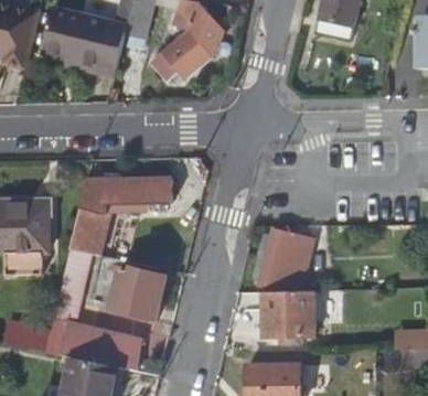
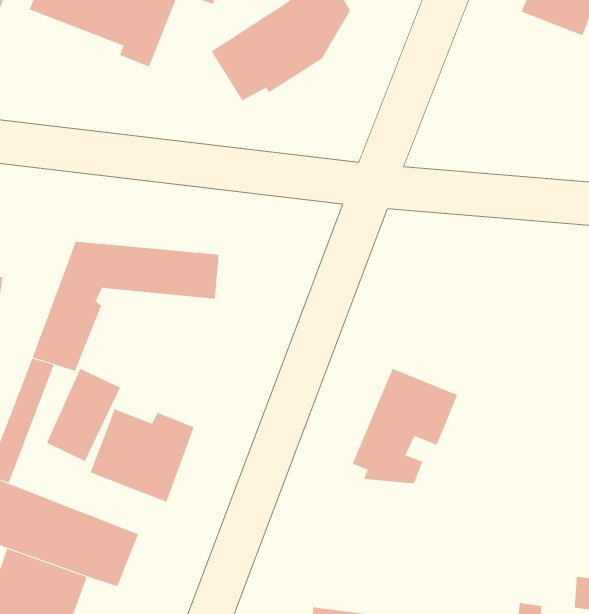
building: [261,289,313,335] -> none

